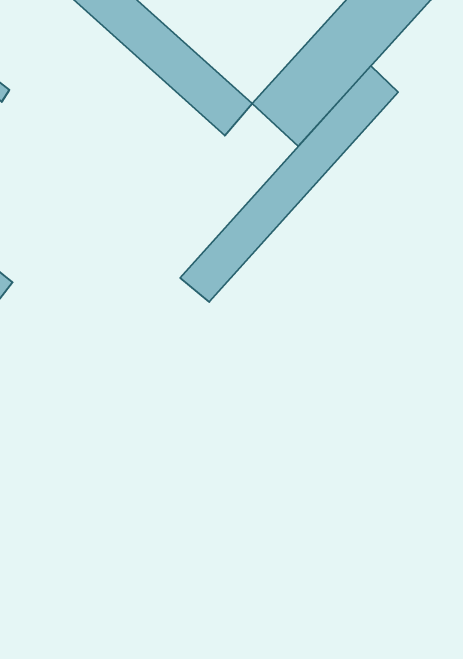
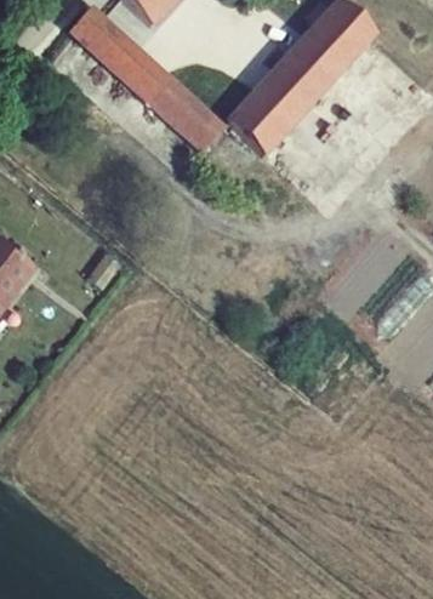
building: [180,66,398,302] -> none

